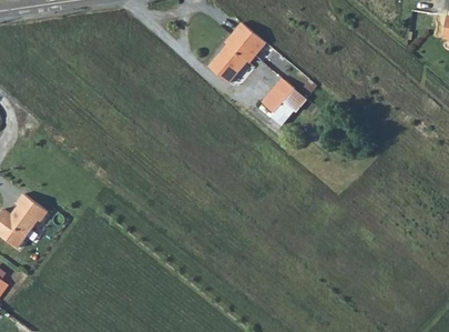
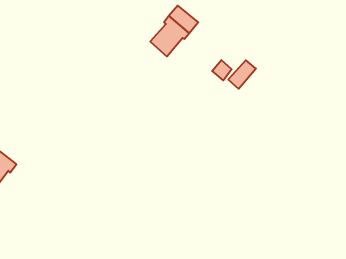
building: [259,77,293,111] -> [228,60,256,89]

